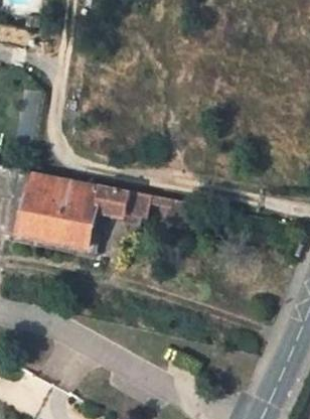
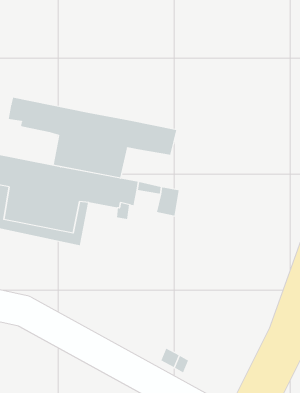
building: none -> [8,97,177,178]

